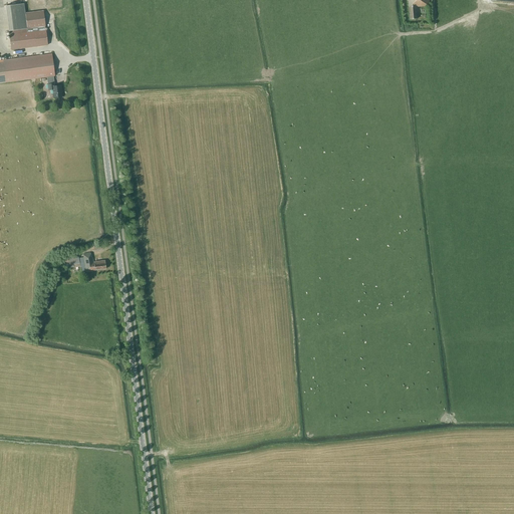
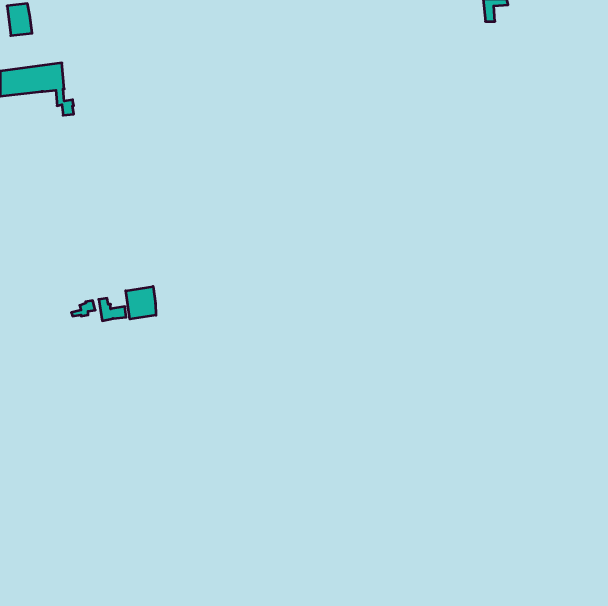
building: [9,10,47,49] -> none
building: none -> [126,286,156,319]

